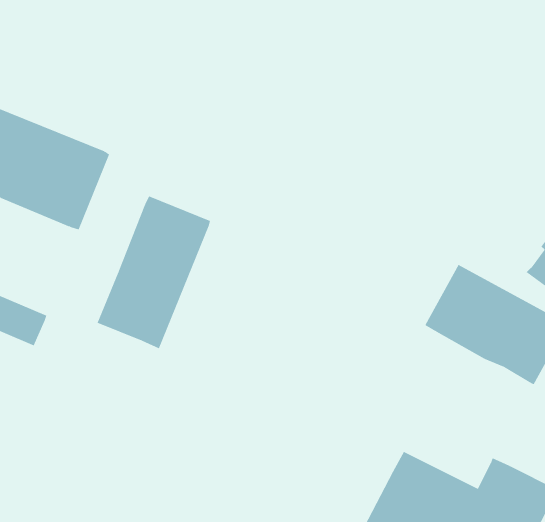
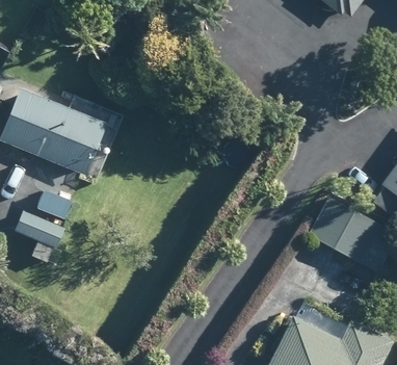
building: [97,196,210,349] -> none

